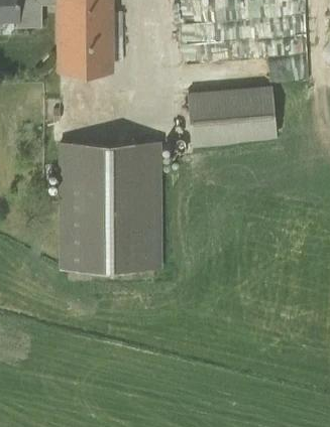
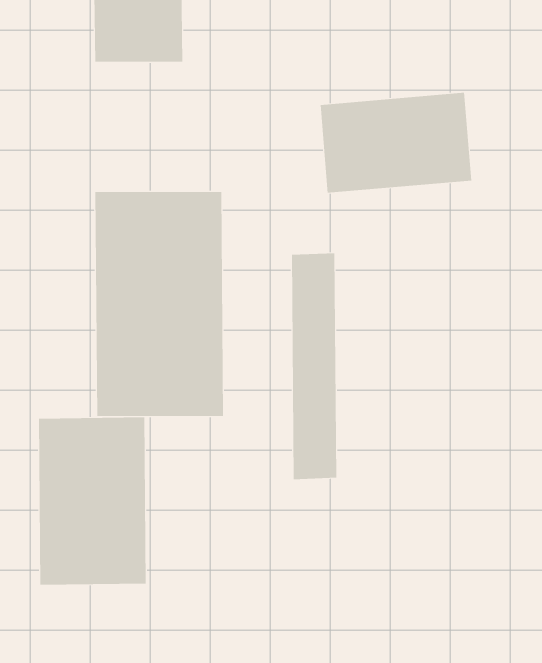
building: [133,143,159,272] -> [291,253,337,480]
building: none -> [39,417,146,586]

